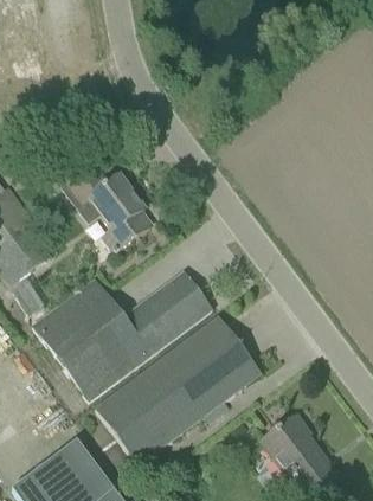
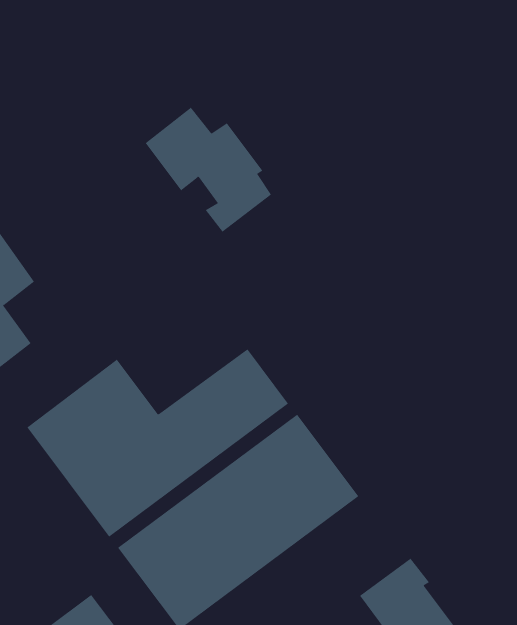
building: [62,162,149,249] -> [145,107,272,232]

